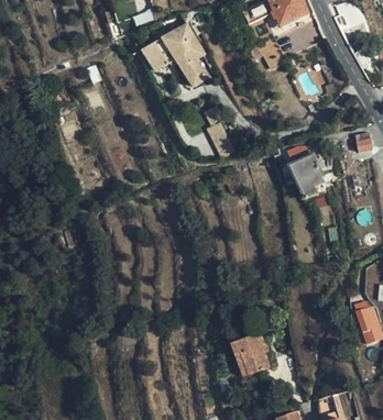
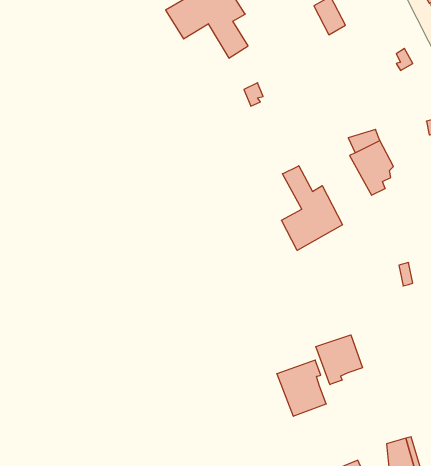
building: none -> [281,166,342,250]
building: none -> [316,335,363,385]

